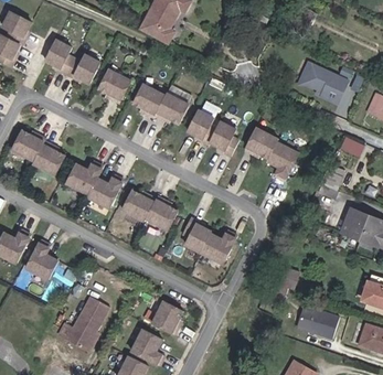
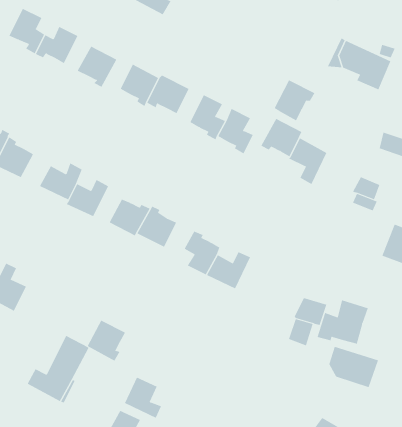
building: none -> [274,80,315,121]
building: none -> [317,300,369,344]
building: [153,300,184,333] -> [87,320,126,362]

